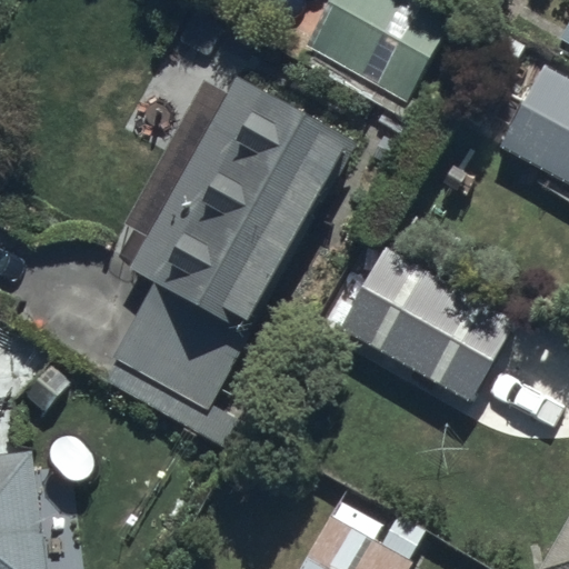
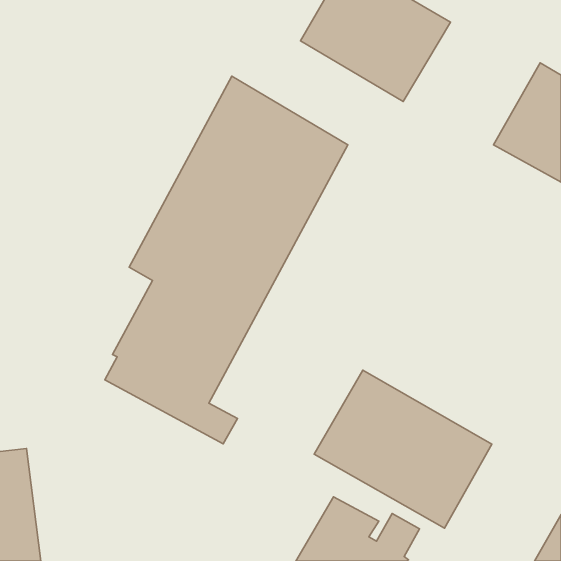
building: [337,242,516,401] -> [314,370,492,528]

